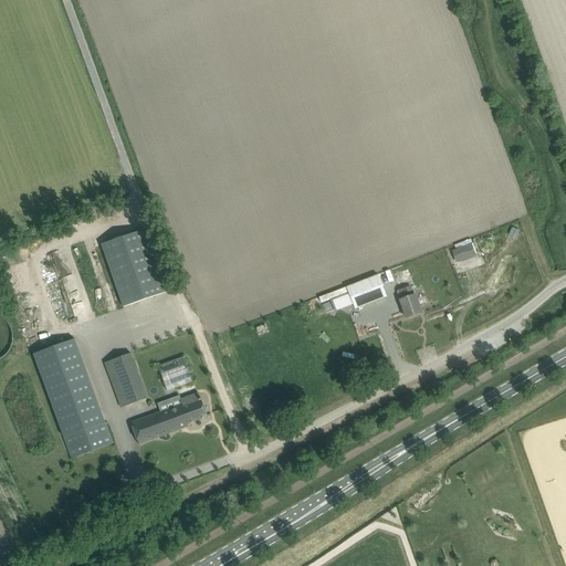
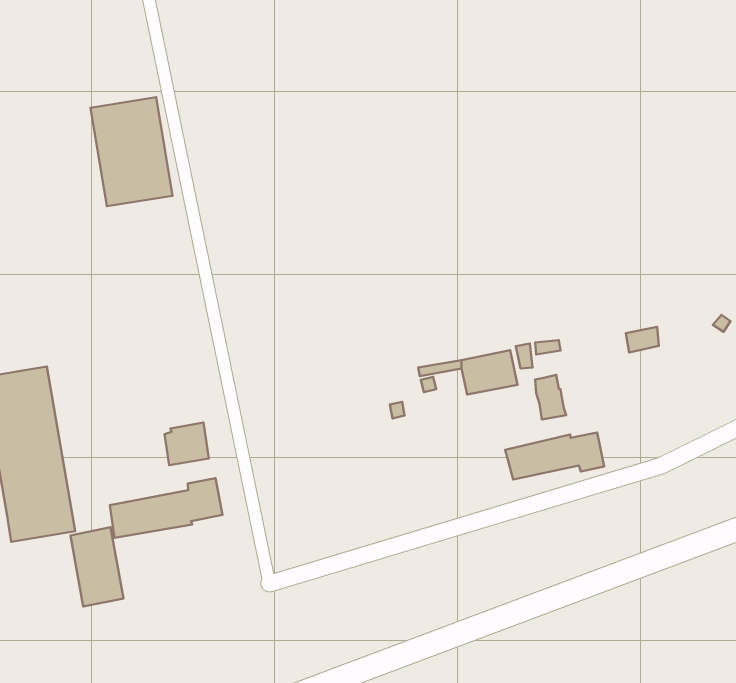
building: [99,228,164,305] -> [90,97,172,206]
building: none -> [505,433,604,480]
building: [103,350,145,406] -> [71,527,123,607]

